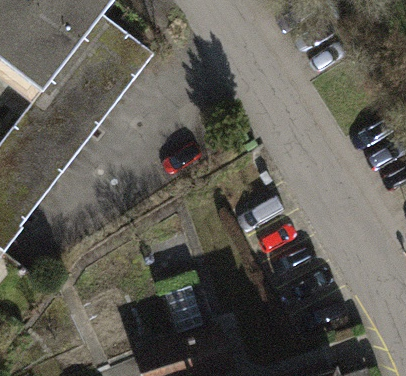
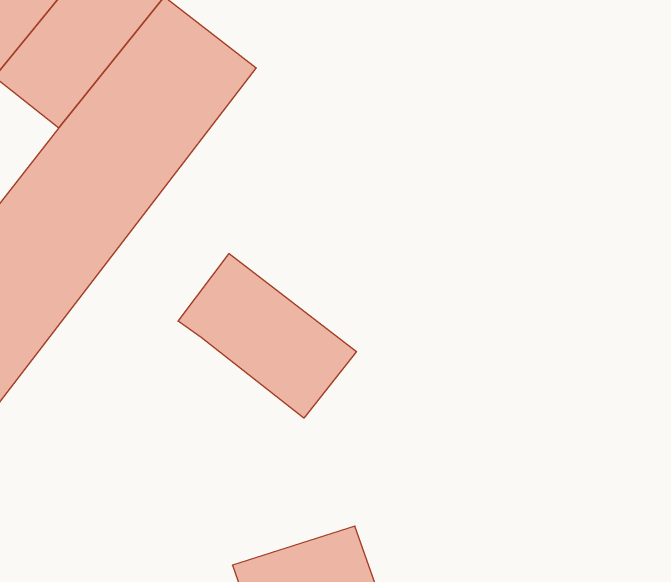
building: none -> [178,254,356,418]

